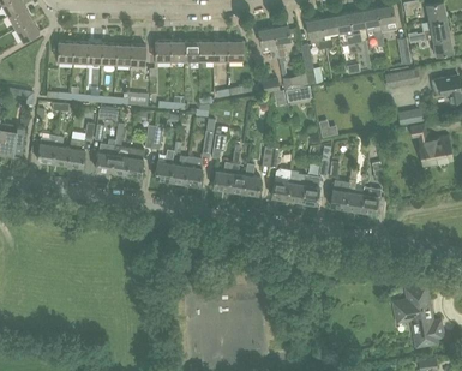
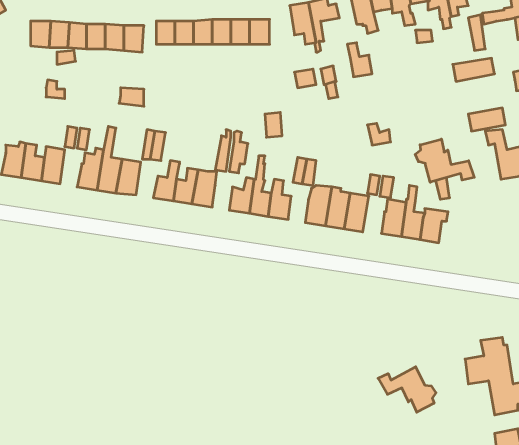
building: none -> [415,139,474,182]
building: none -> [378,367,436,412]

